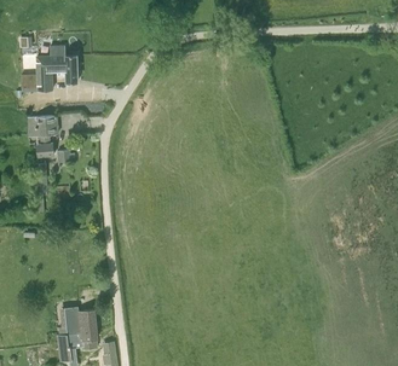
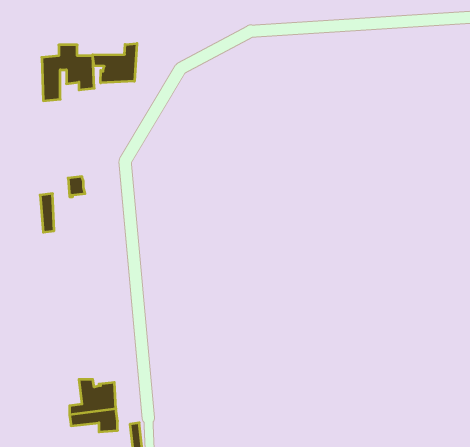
building: none -> [93,43,137,83]
building: [27,116,57,157] -> none

